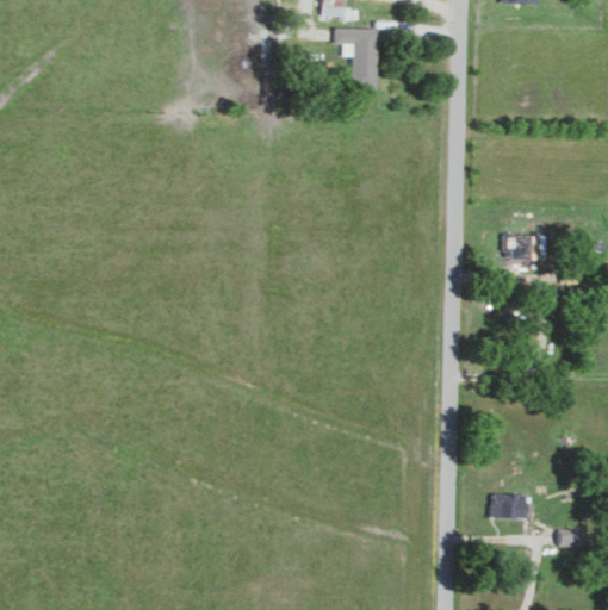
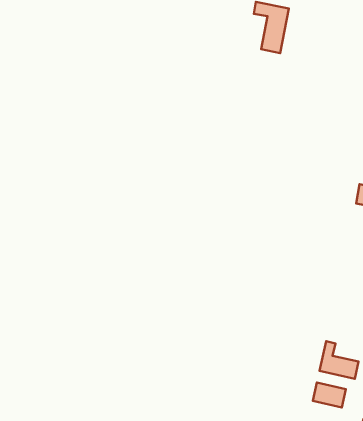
building: none -> [320,341,358,379]

